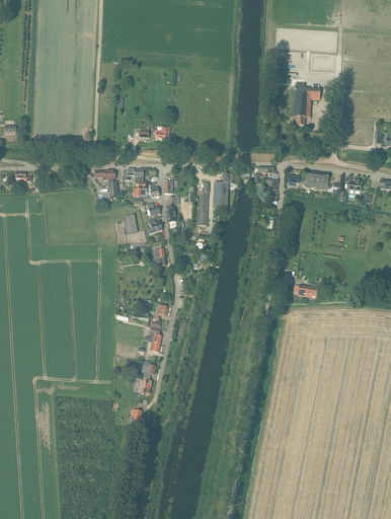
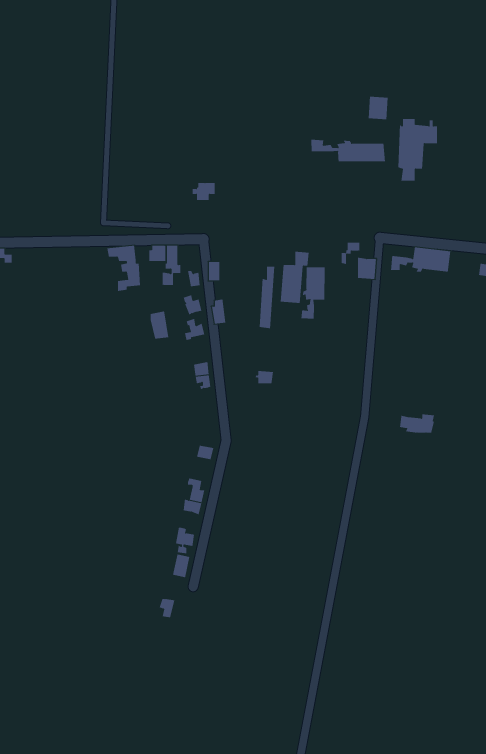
building: none -> [311,139,386,162]
building: none -> [301,266,325,319]

